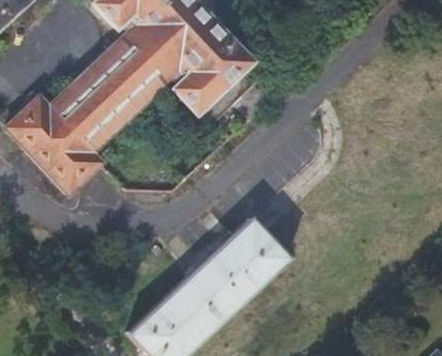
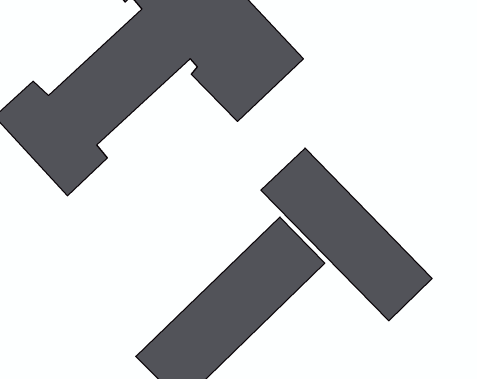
building: none -> [261,148,432,321]

